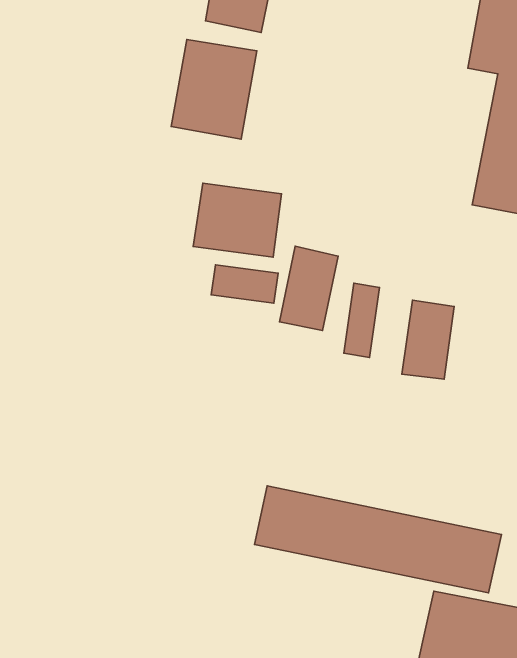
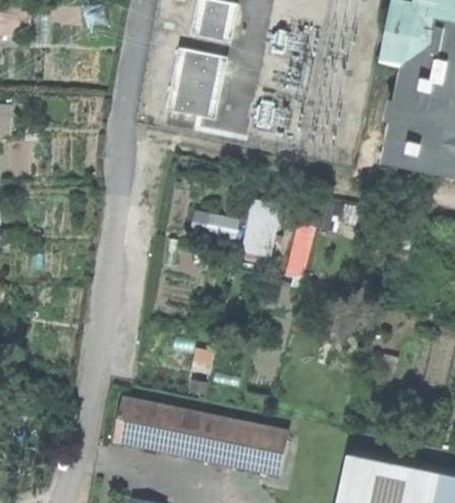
building: [193,183,281,257] -> none
building: [402,300,454,379] -> none
building: [254,486,501,593] -> [110,398,288,475]

